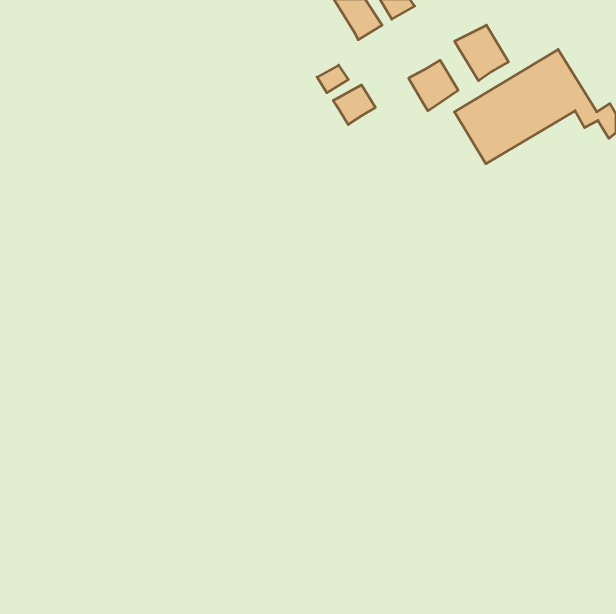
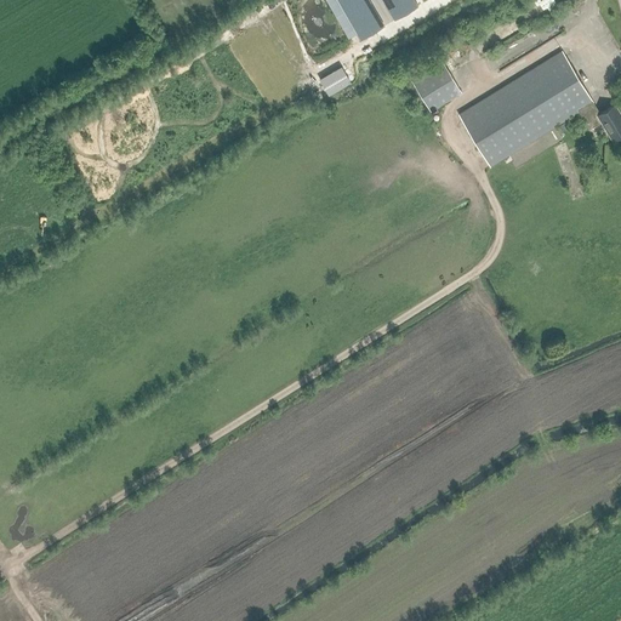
building: [455,25,508,81] -> none
building: [333,85,375,125] -> none

